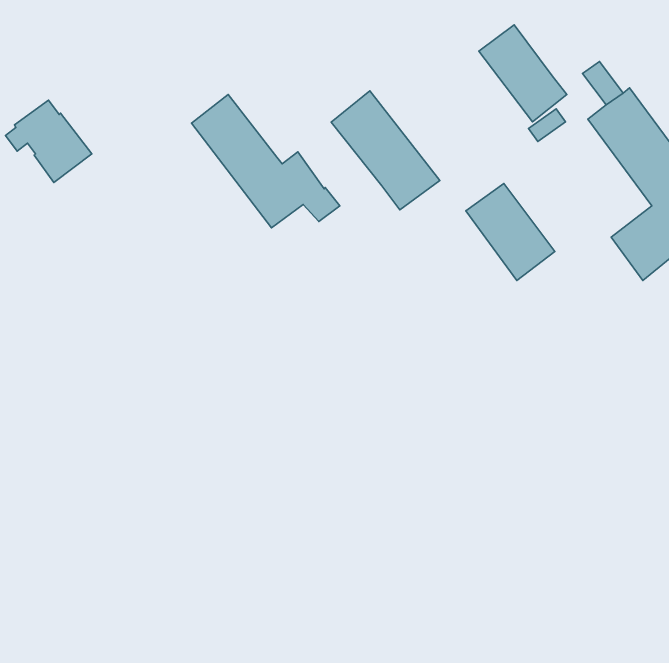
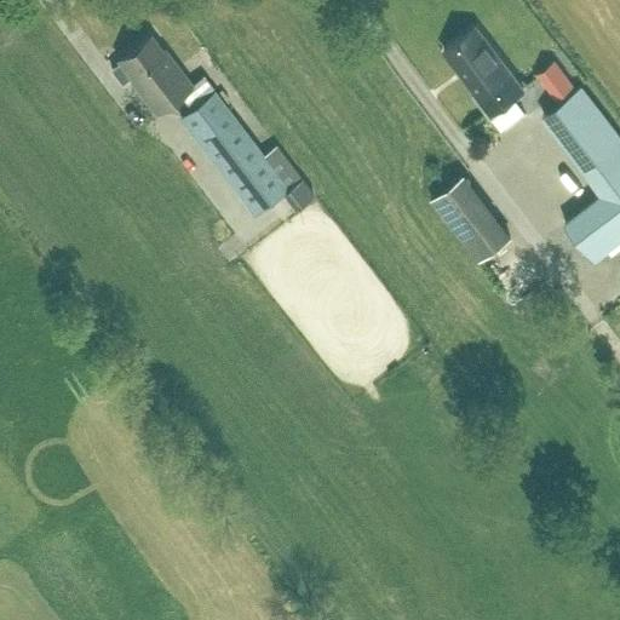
building: [331,91,440,210] -> none
building: [5,100,92,183] -> [110,39,190,115]

